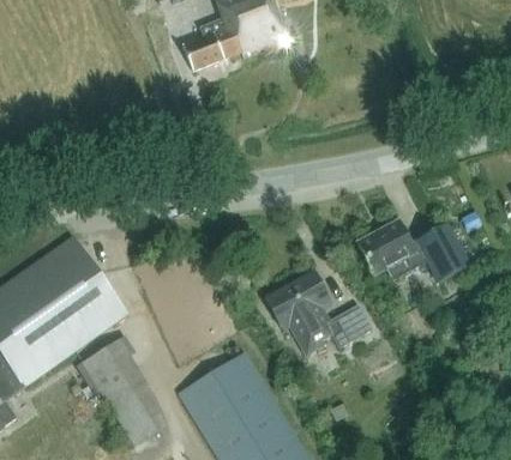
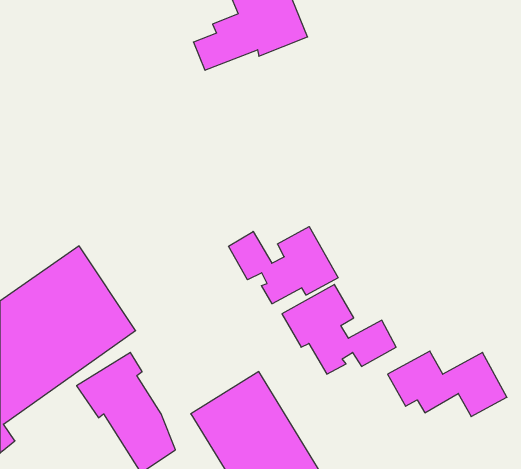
building: none -> [229,227,338,304]
building: [359,222,470,283] -> [388,351,507,417]

